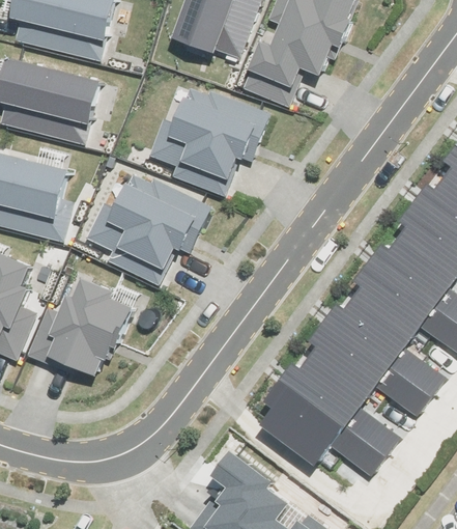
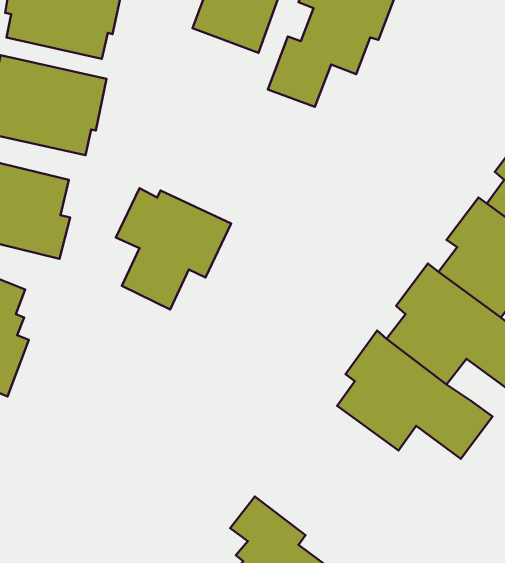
building: [169,89,268,193] -> none
building: [48,276,133,372] -> none
building: [259,360,398,477] -> none

